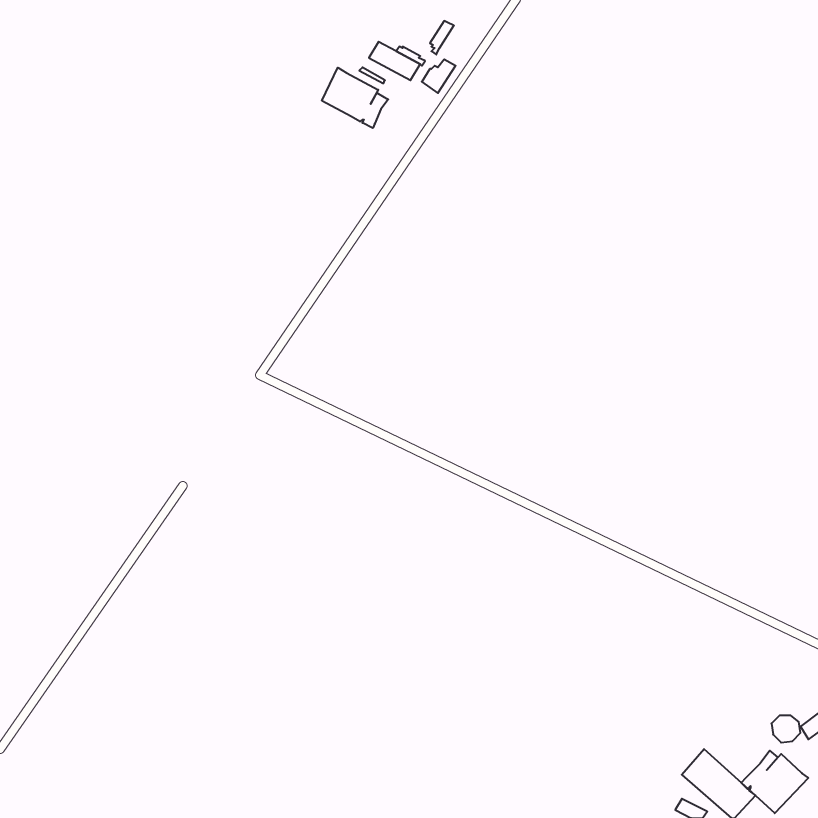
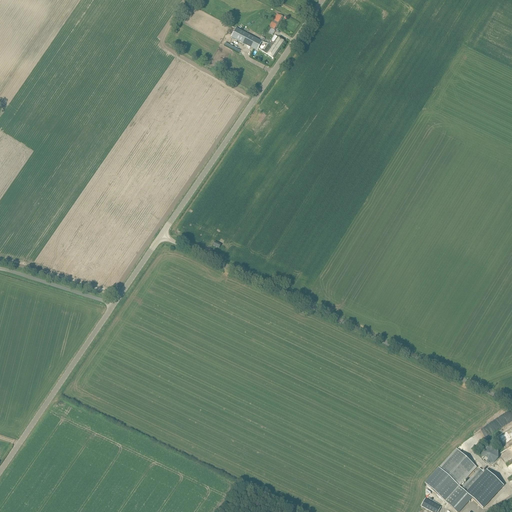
building: [322,68,388,128] -> none
building: none -> [440,448,478,486]

